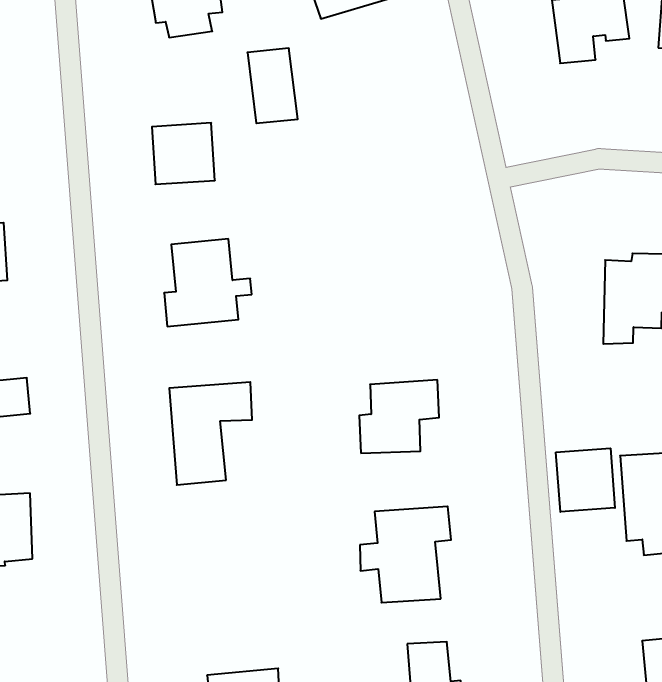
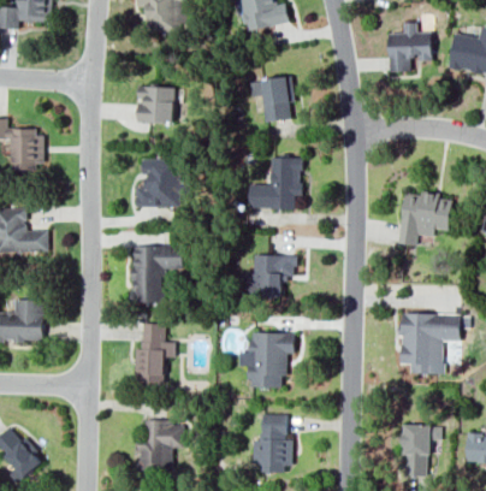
building: [247,48,298,123] -> [263,78,290,122]
building: none -> [249,158,302,209]
building: [556,448,615,512] -> none
building: none -> [136,324,176,384]

